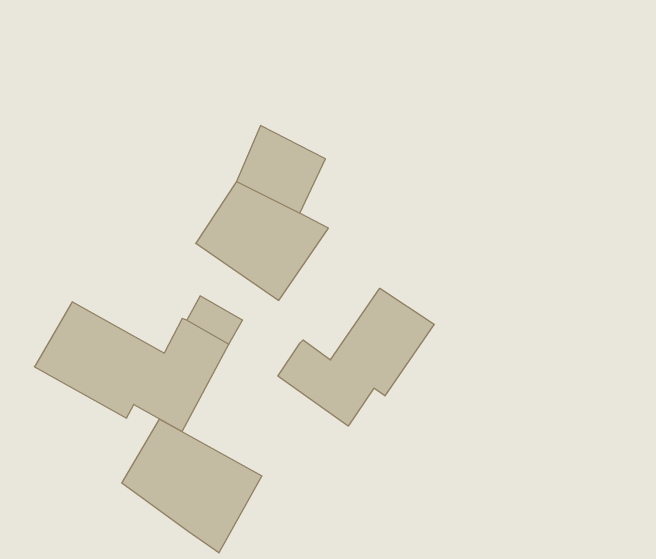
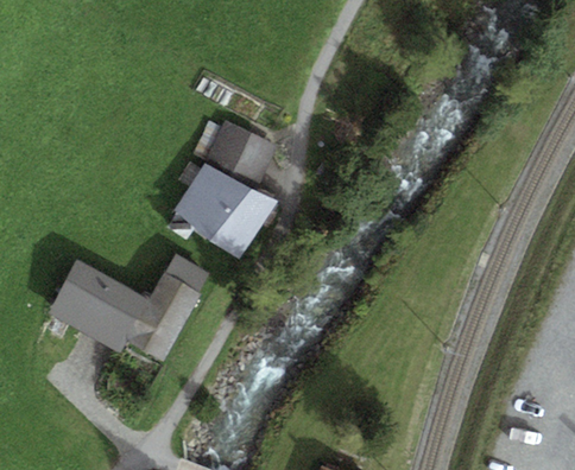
building: [278,288,434,426] -> none
building: [122,419,262,553] -> none

